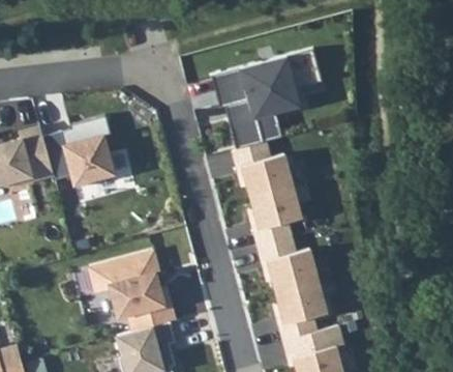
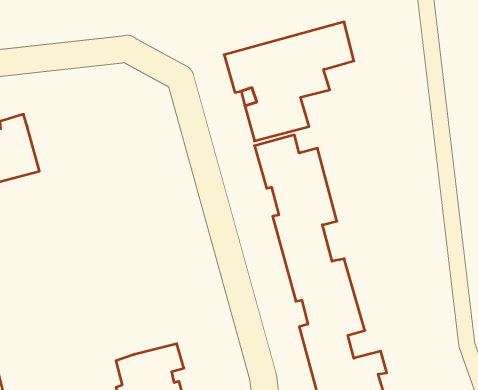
building: [41,116,112,189] -> none
building: [89,252,174,332] -> none

